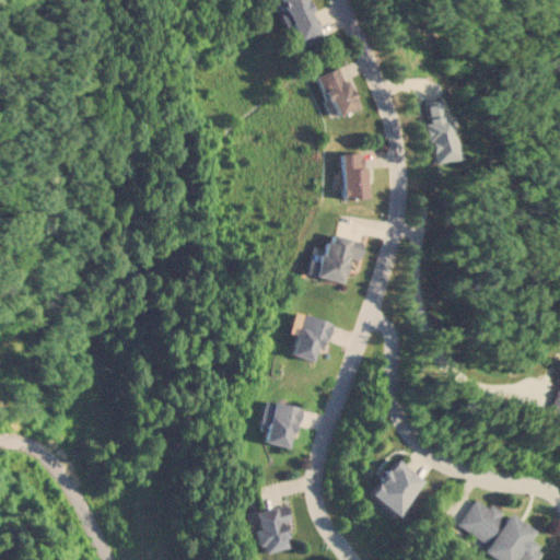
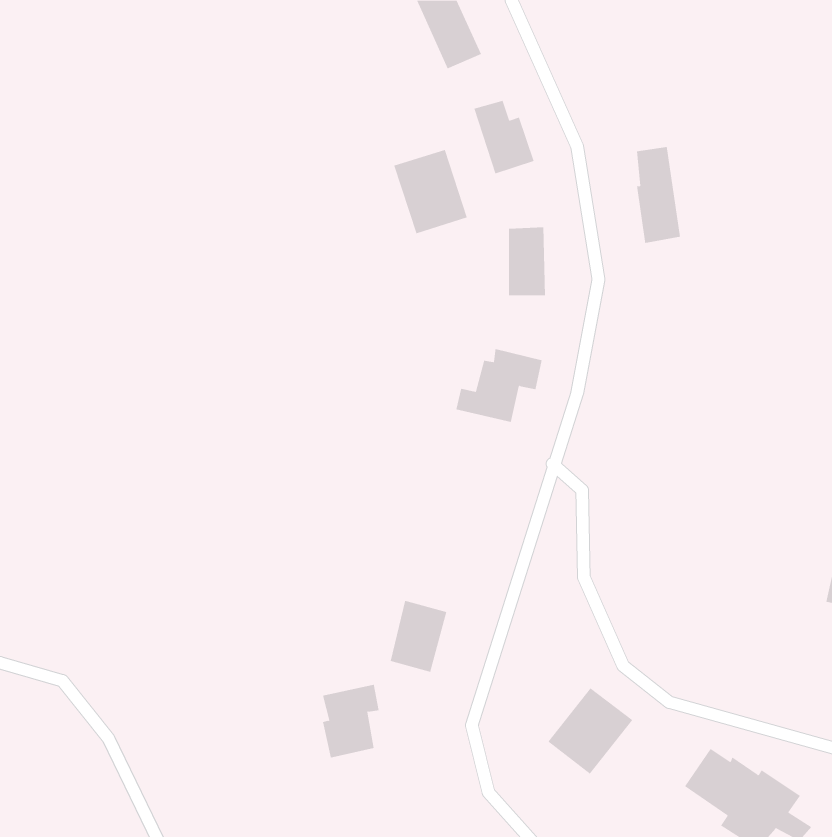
building: none -> [394,149,468,234]
building: [292,314,336,363] -> none
building: [255,505,293,555] -> [322,684,380,758]

